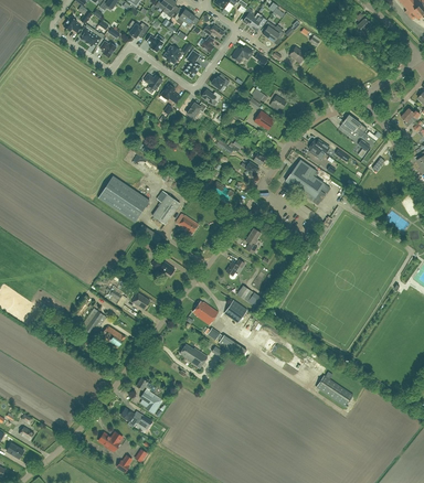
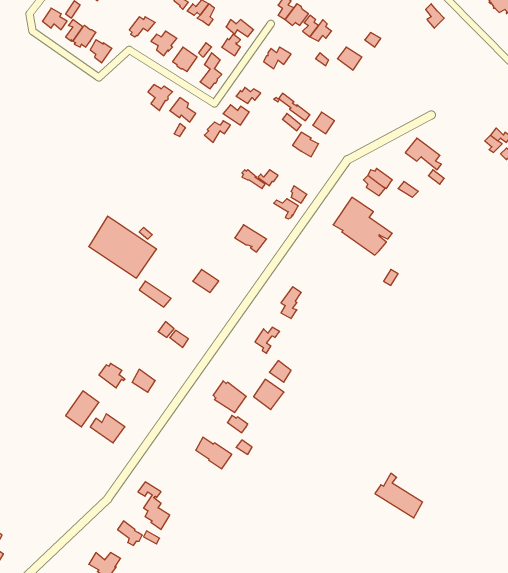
building: [151,192,180,224] -> none

